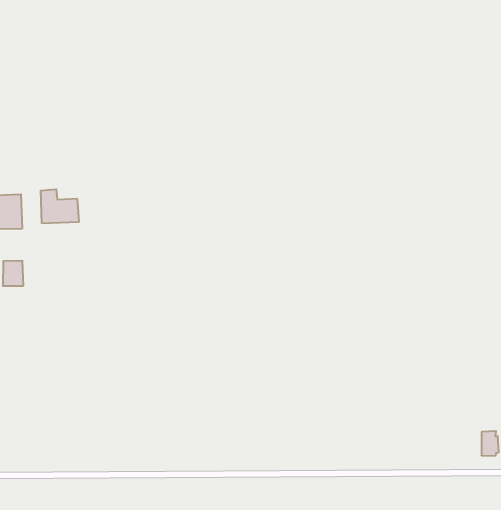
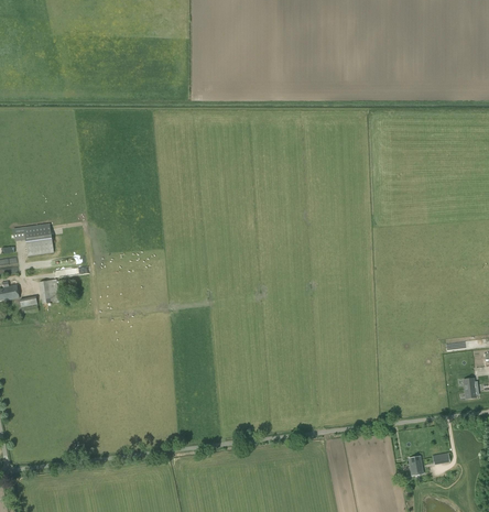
building: [41,189,79,223] -> none

